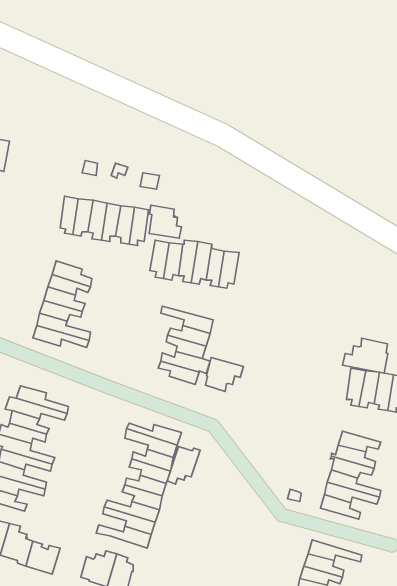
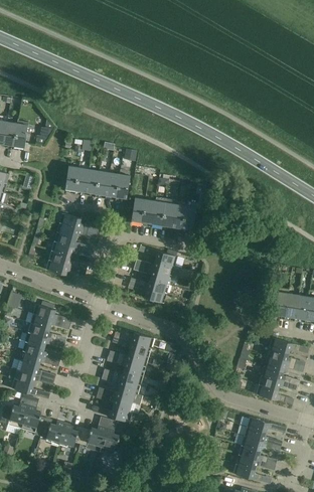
building: [149,205,182,238] -> none
building: [342,338,388,373] -> none
building: [205,357,244,391] -> none
building: [167,446,200,484] -> none
building: none -> [58,423,84,446]

